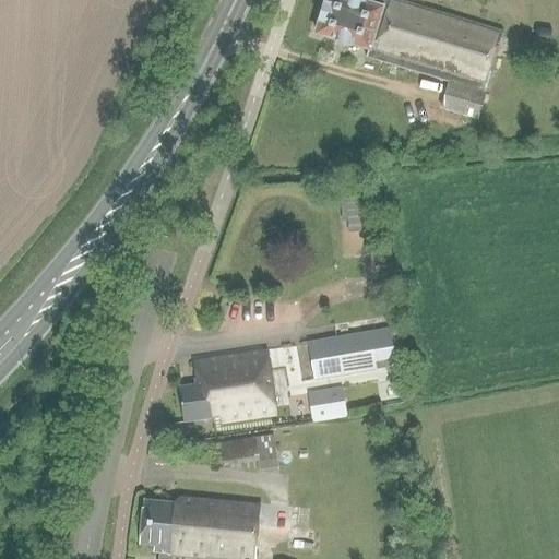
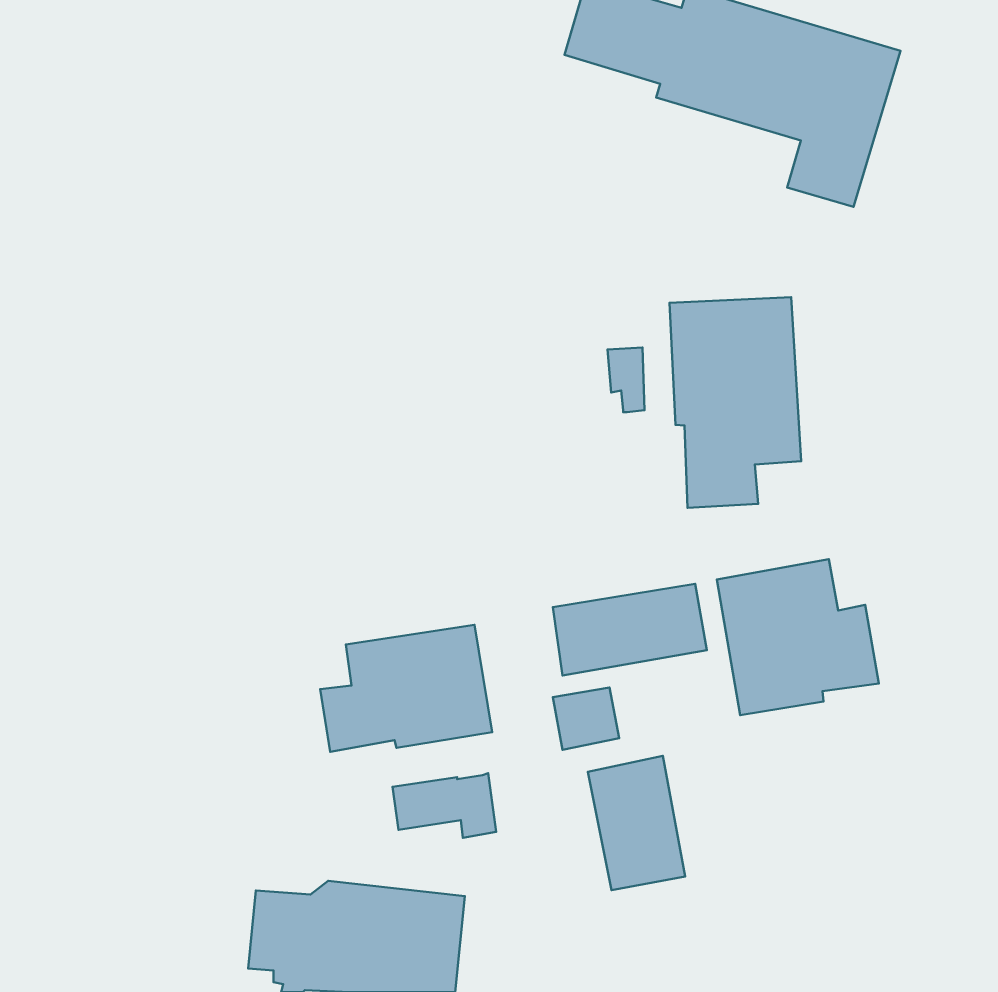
building: none -> [670,297,801,508]
building: none -> [717,559,879,715]
building: none -> [588,756,685,890]

